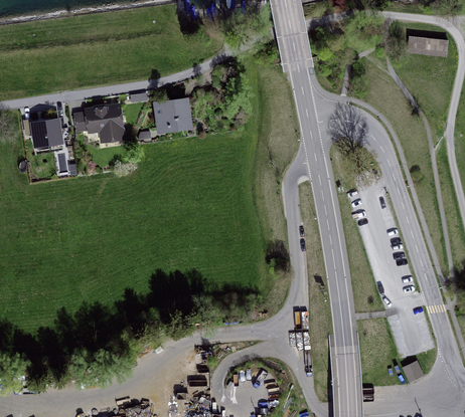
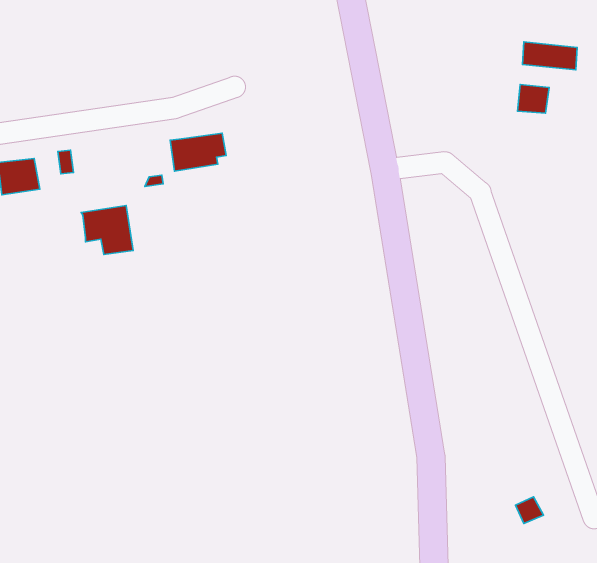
building: none -> [518,85,549,113]
building: [87,106,124,141] -> [81,205,133,255]

